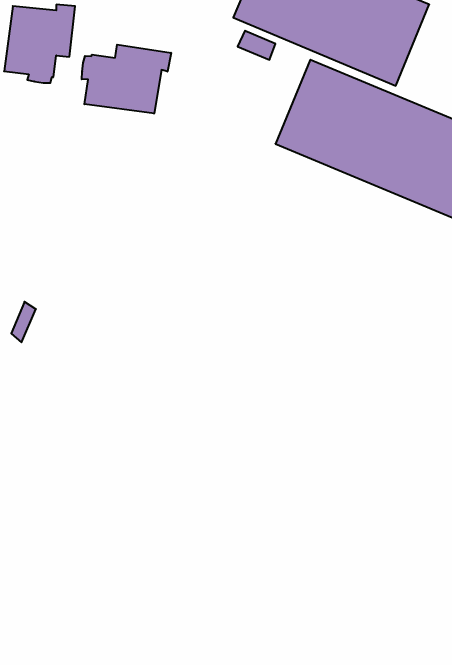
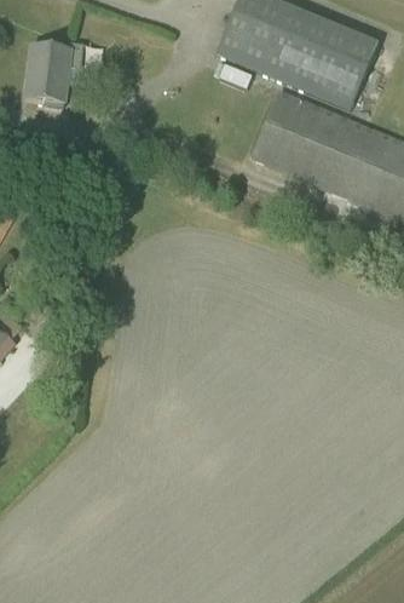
building: [82,45,171,114] -> none

